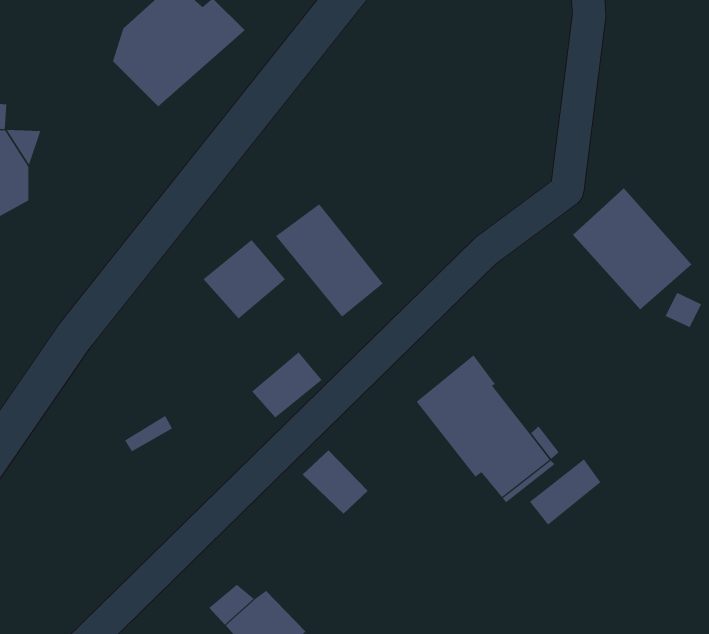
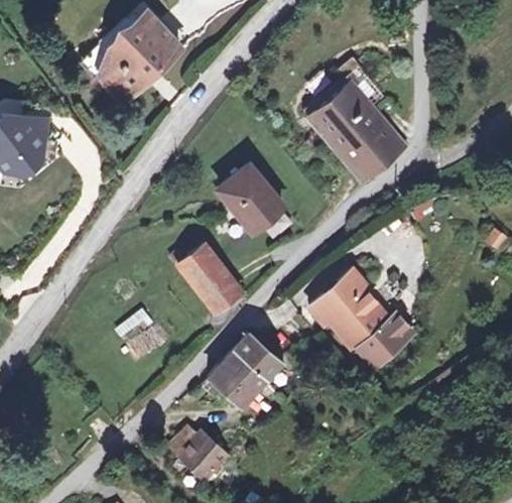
building: [572,187,692,310] -> [316,89,398,172]
building: [203,239,286,319] -> [173,240,230,294]
building: [529,459,601,526] -> none
building: none -> [202,351,260,410]

